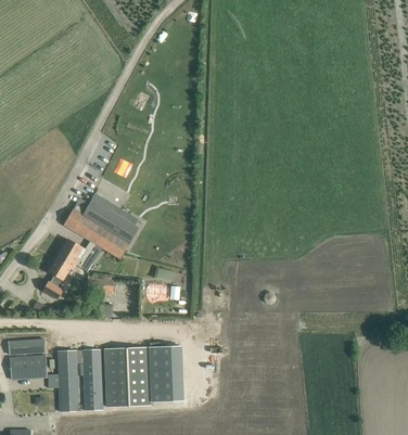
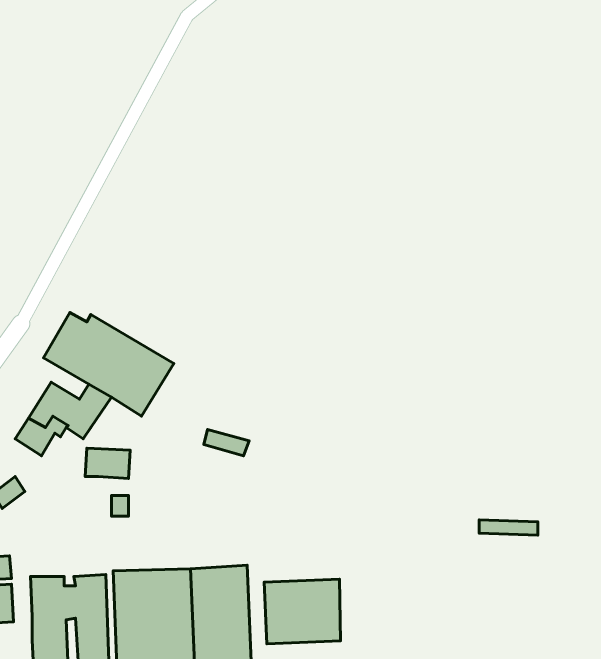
building: none -> [264,579,341,644]

